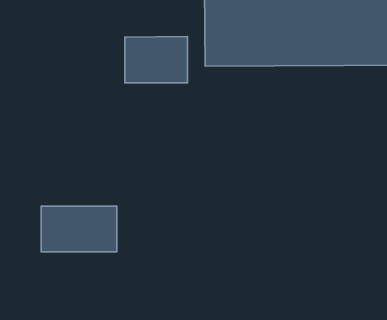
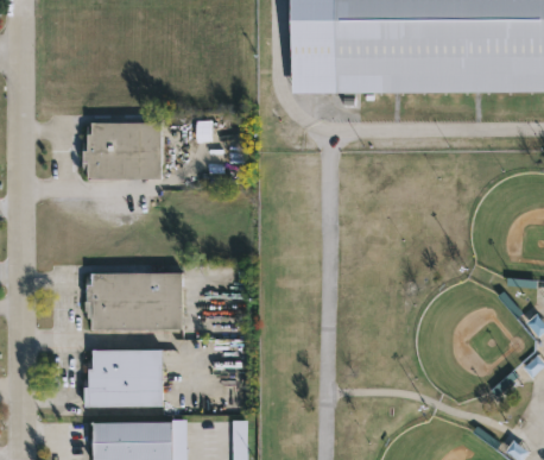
building: [125,36,187,83] -> [77,120,156,178]
building: none -> [87,347,162,404]

